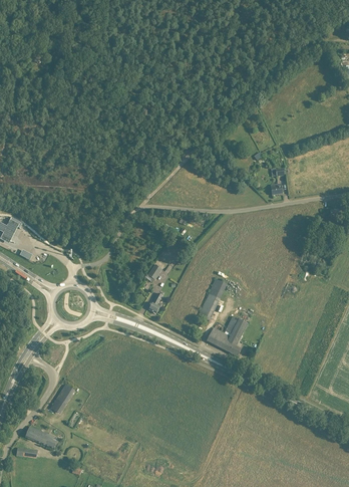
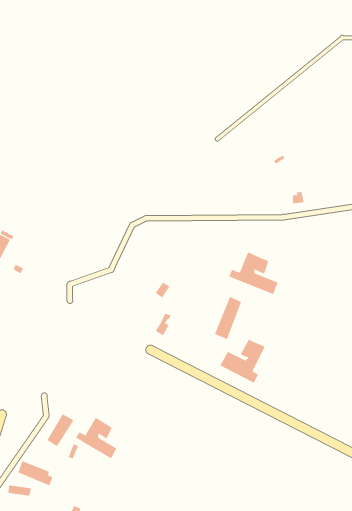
building: none -> [229,251,278,295]
building: none -> [75,417,117,459]

